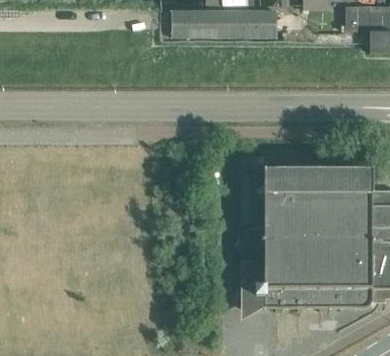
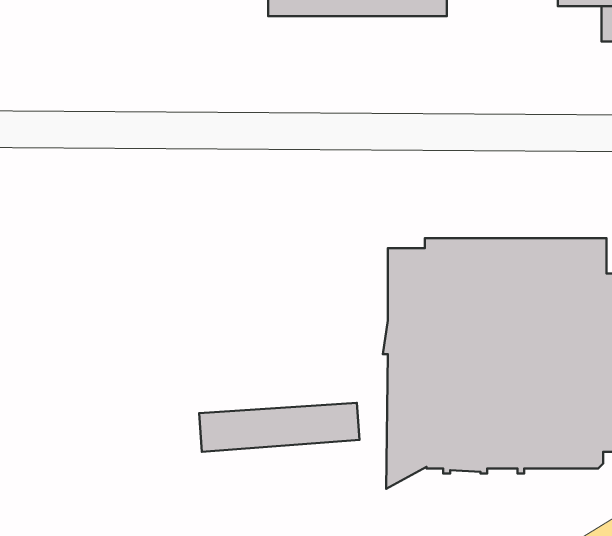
building: none -> [199,403,359,452]

